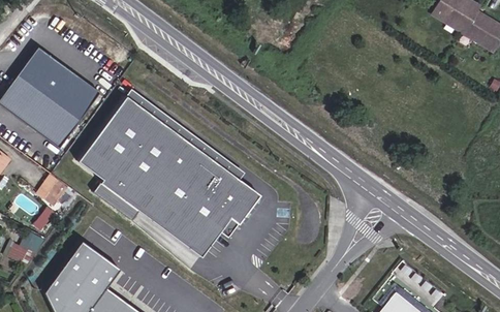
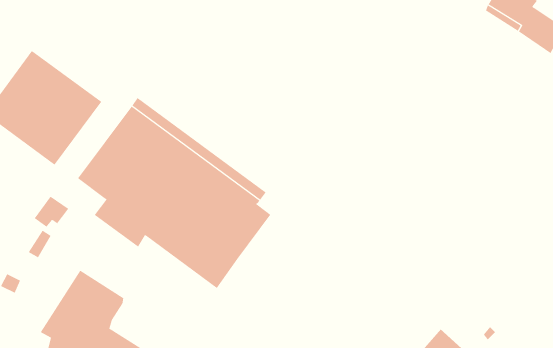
building: [219,180,258,238] -> none

